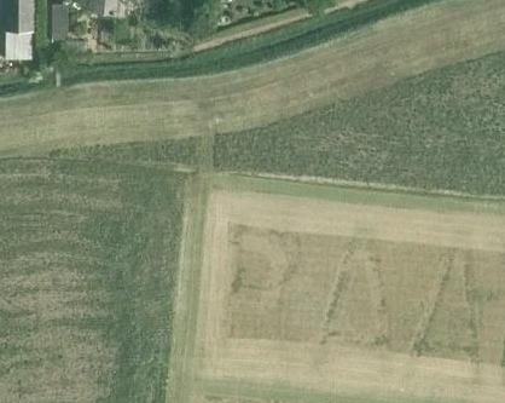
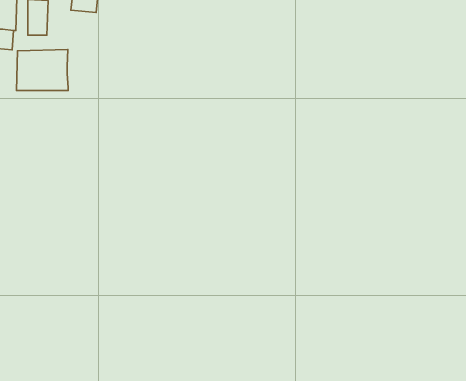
building: none -> [16,49,68,90]

